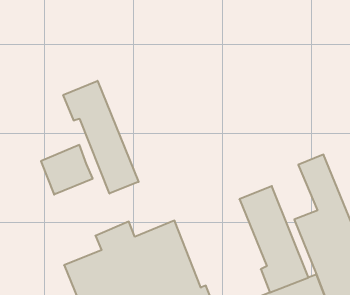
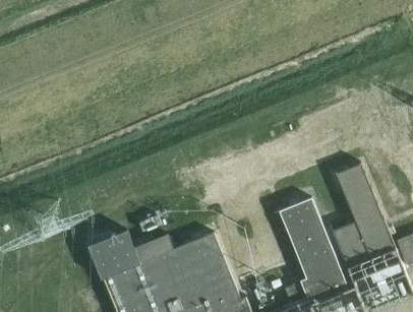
building: [63,81,139,194] -> none
building: [41,145,93,195] -> [87,227,139,276]

